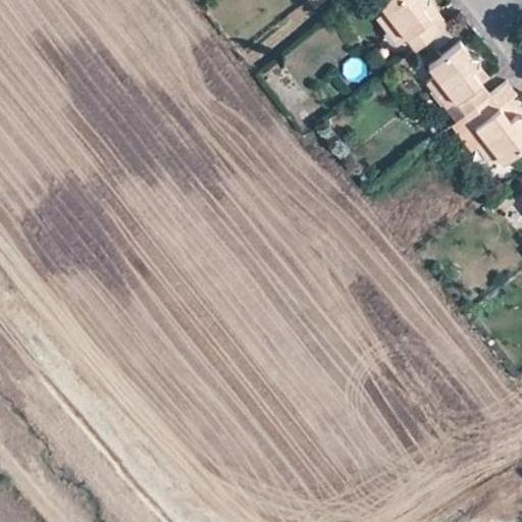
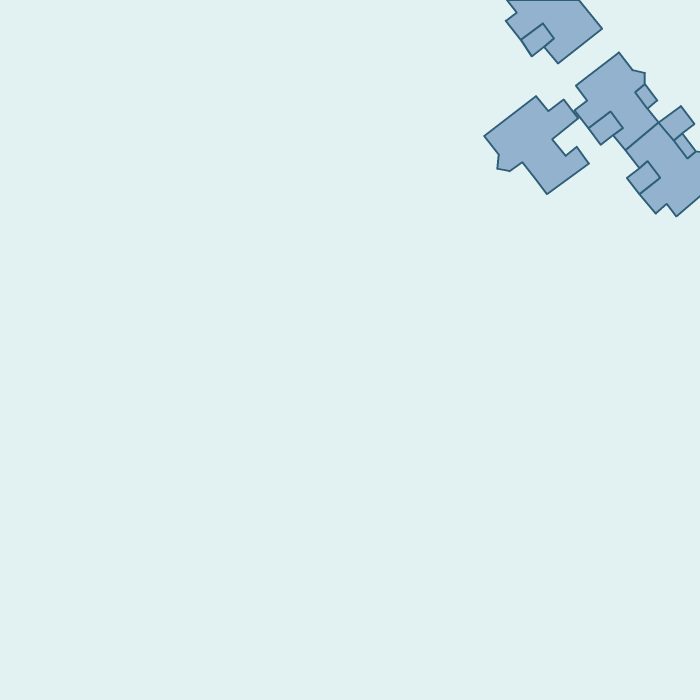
building: none -> [484,96,589,194]

